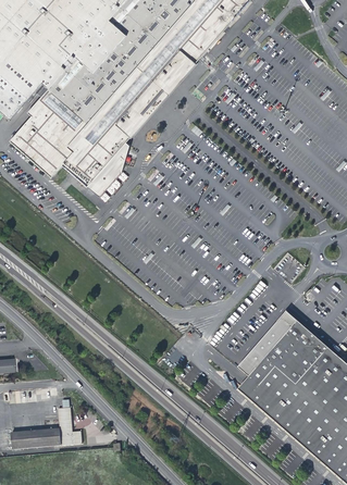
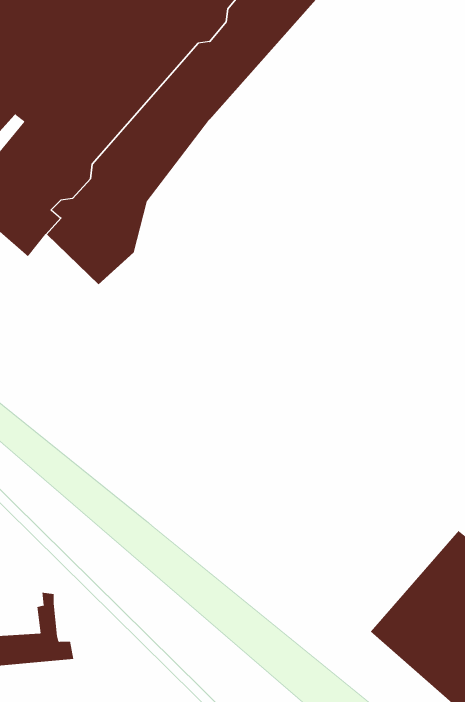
building: [237,311,339,425] -> none

